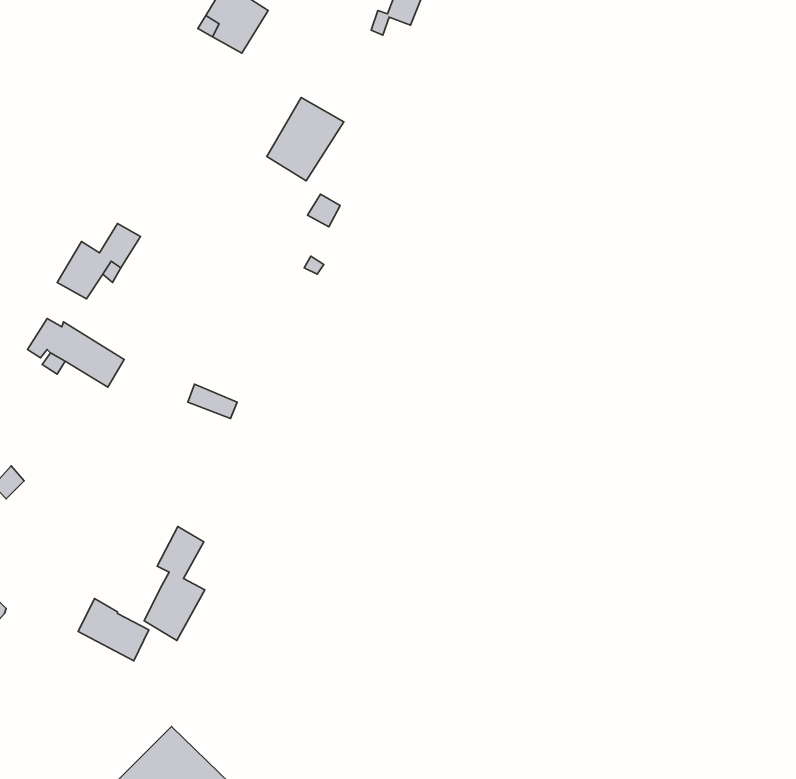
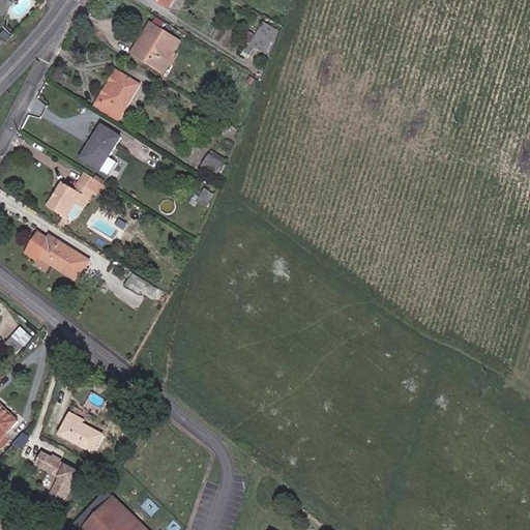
building: [267,97,344,181] -> [95,69,144,122]
building: none -> [82,124,125,172]
building: [144,527,205,641] -> none
building: none -> [31,450,73,503]

